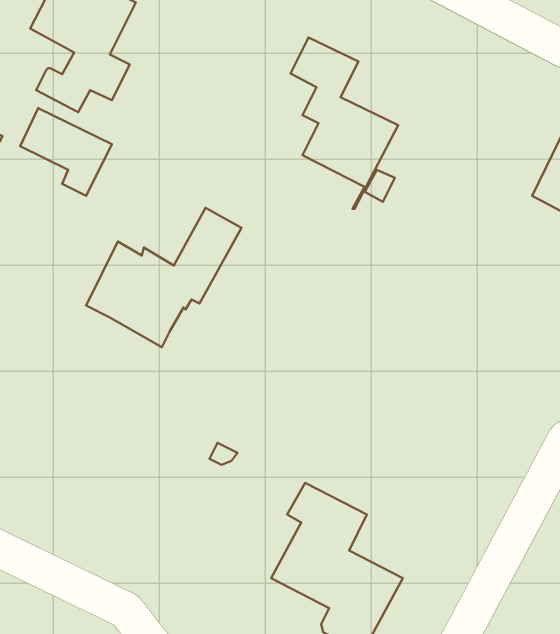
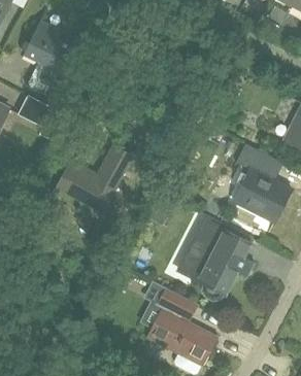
building: [291,38,398,209] -> [235,144,291,233]
building: none -> [183,220,254,301]

